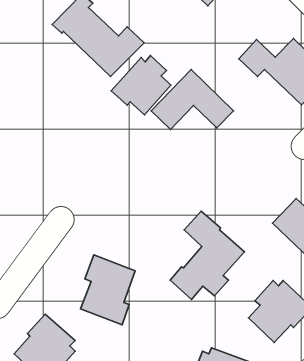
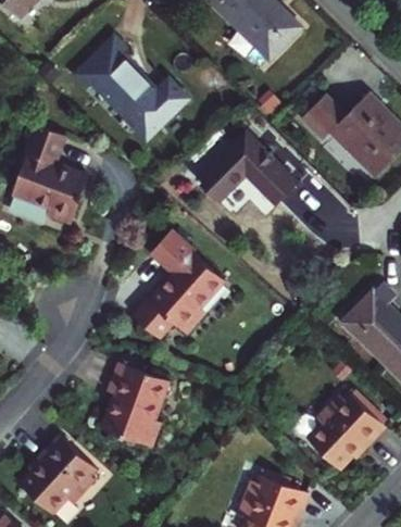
building: [111,55,171,115] -> none
building: none -> [15,123,91,223]
building: [170,211,244,300] -> [136,228,227,337]

